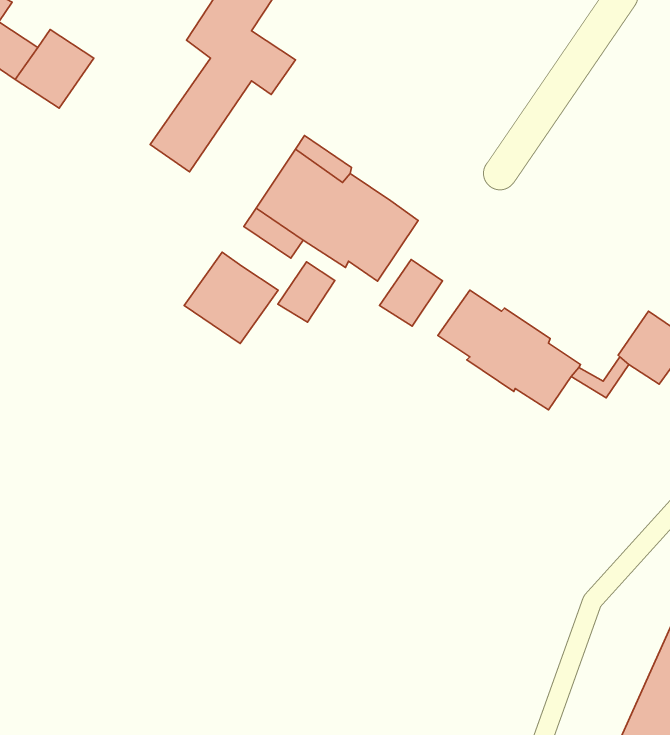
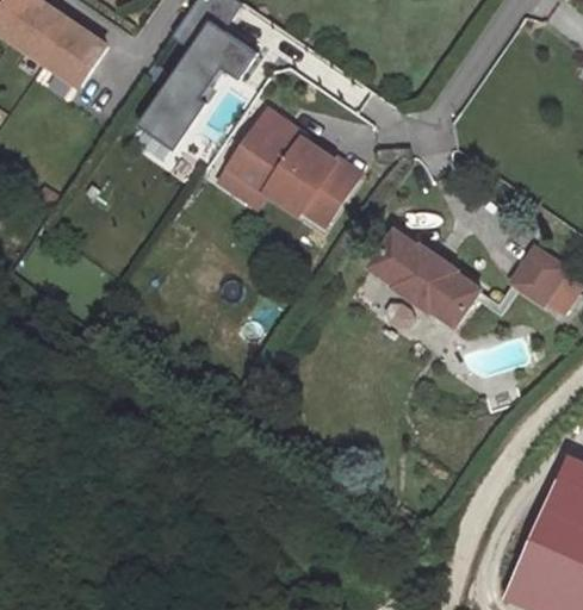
building: [184,252,278,343] -> none
building: [379,260,442,326] -> none
building: [278,262,335,322] -> none

